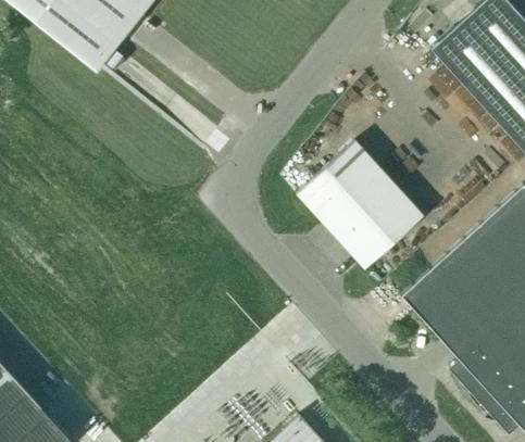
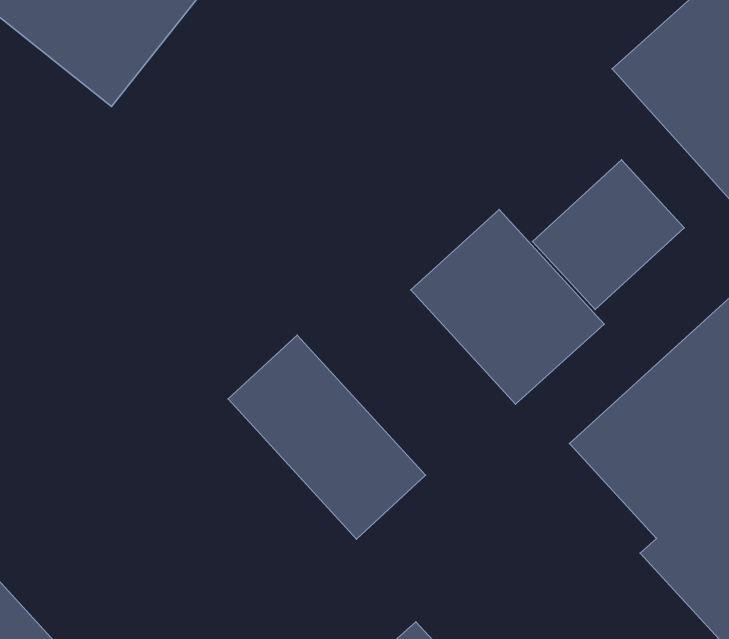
building: none -> [532,160,684,309]
building: none -> [228,335,425,539]

